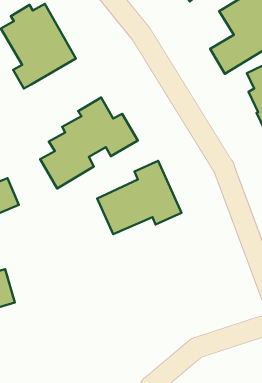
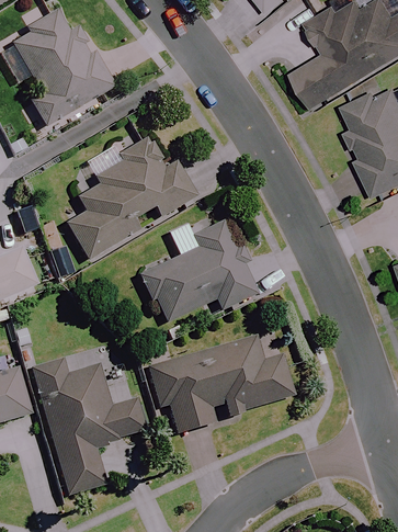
building: none -> [149,338,294,431]
building: none -> [32,361,145,495]

